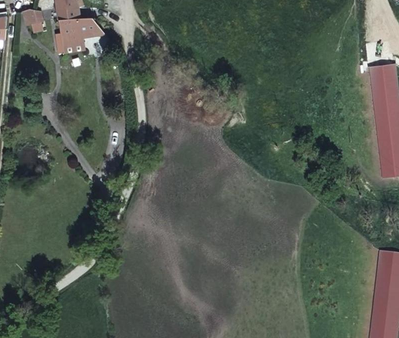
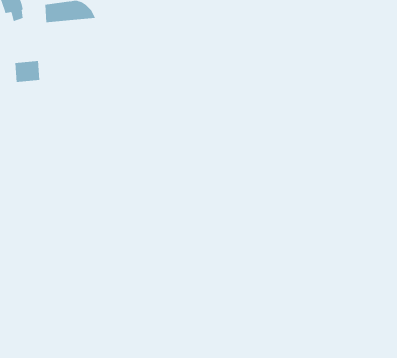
building: [60,34,82,53] -> [15,60,40,83]

